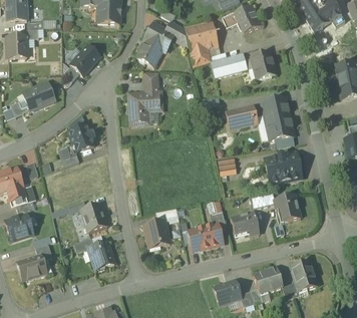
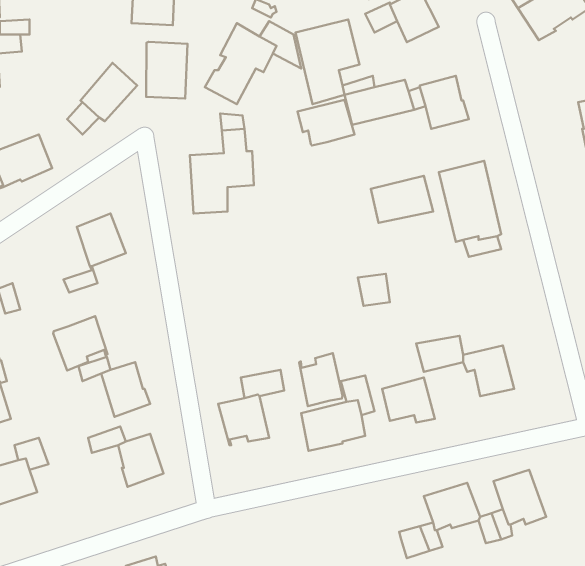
building: none -> [146,42,187,99]
building: none -> [298,100,355,146]
building: [265,151,302,183] -> none
building: none -> [53,316,107,371]
building: none -> [299,353,343,406]
building: [214,280,241,304] -> none

